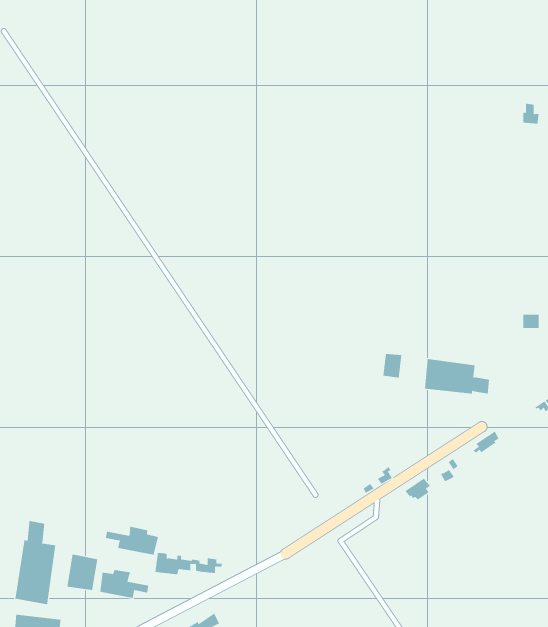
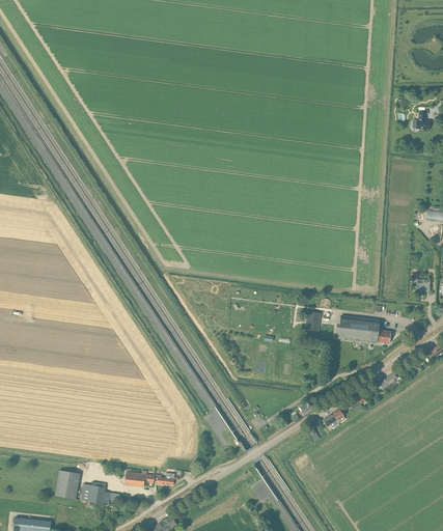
building: [15,520,56,605] -> none
building: [105,526,158,555] -> none

